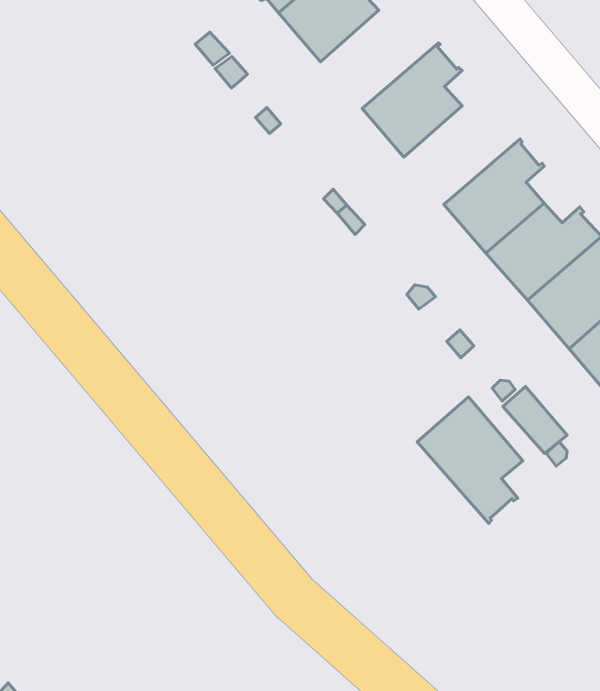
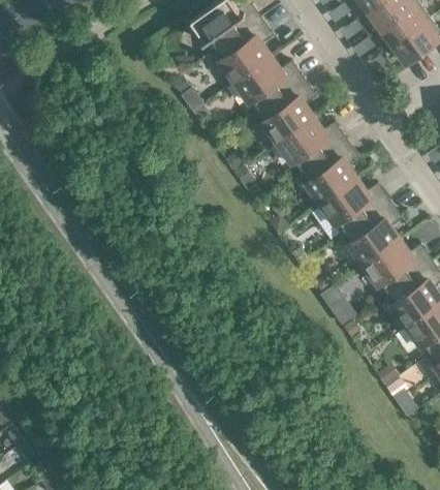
building: none -> [234,58,305,115]
building: none -> [278,119,347,176]
building: [417,397,523,523] -> none

